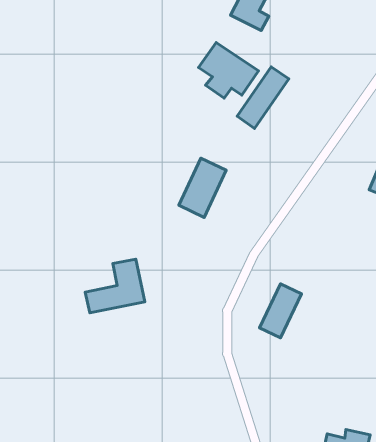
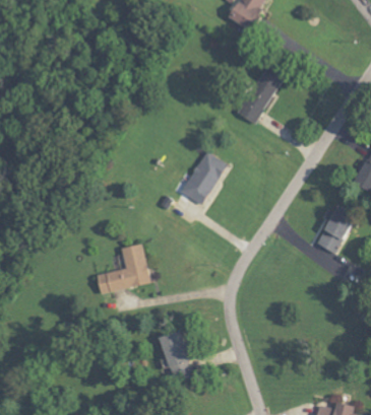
building: [199,42,258,98] -> none
building: [260,284,301,338] -> [317,204,356,254]
building: none -> [162,331,192,379]

